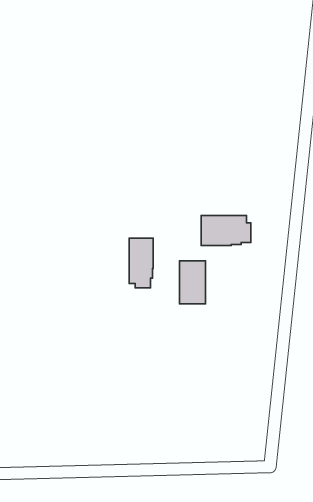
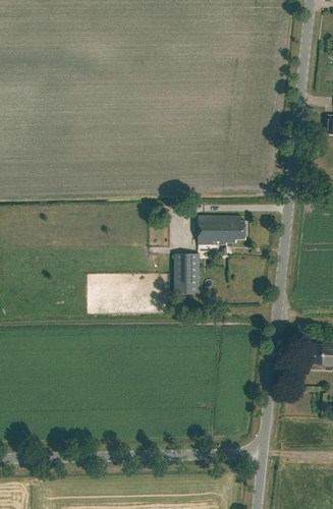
building: [129,238,153,288] -> none

